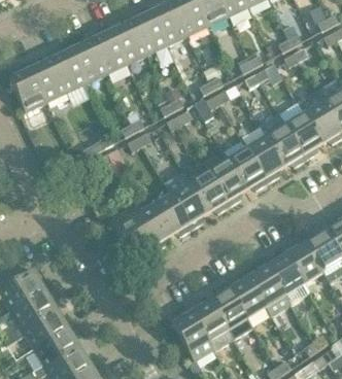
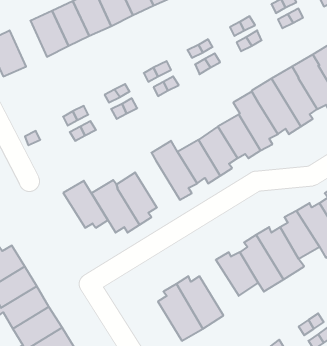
building: [31,59,66,102] -> none
building: [149,191,192,235] -> [63,181,108,228]
building: [210,284,251,337] -> none

